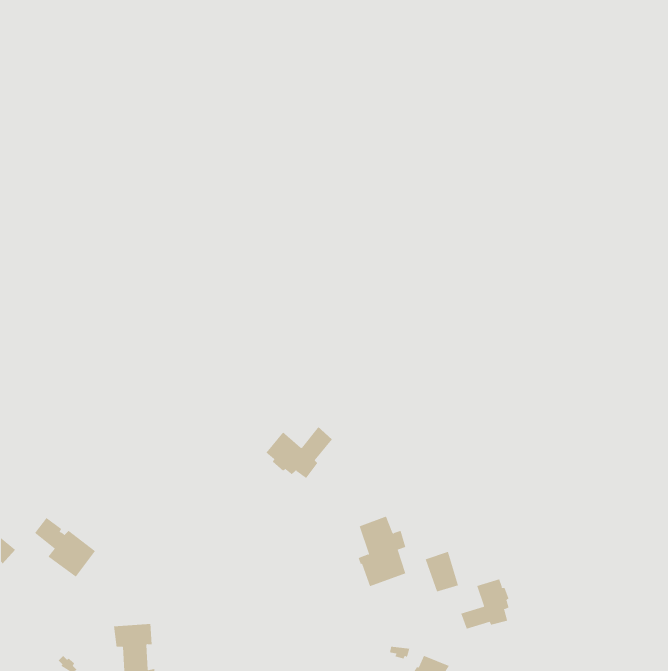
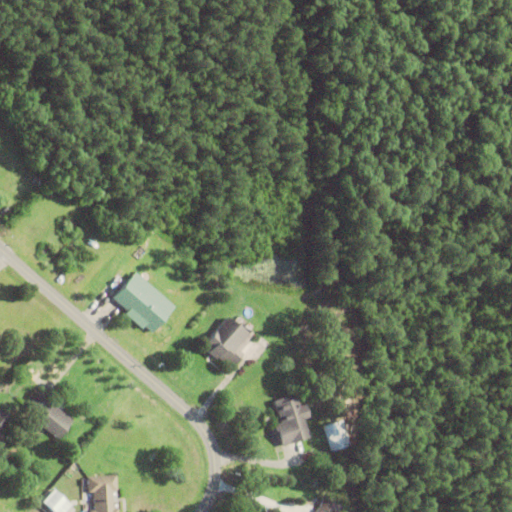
building: none -> [109,271,171,333]
building: [460,579,509,630] -> none

